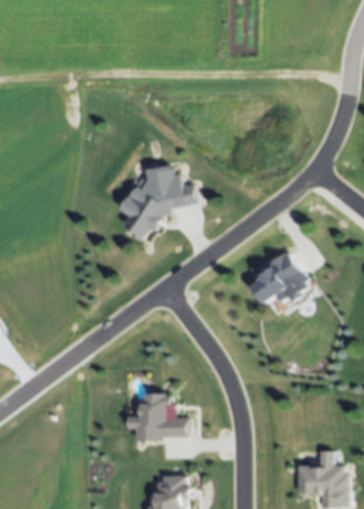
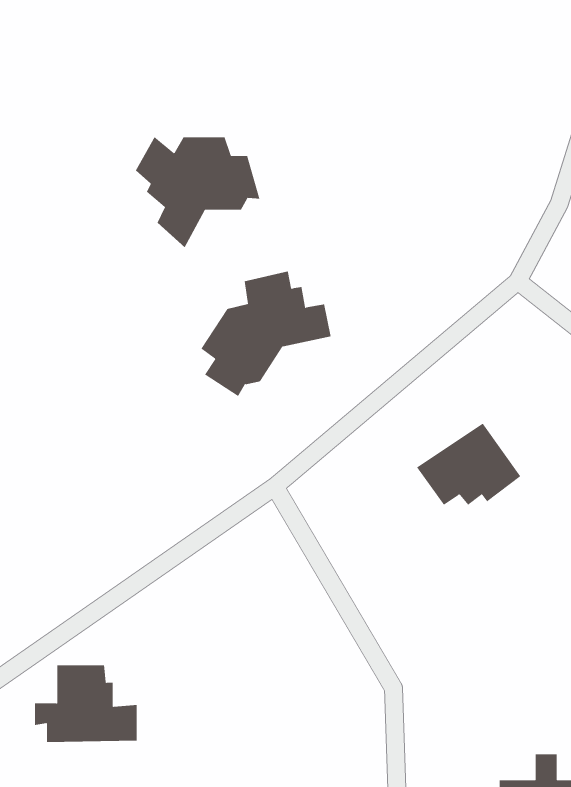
building: none -> [135,136,260,248]
building: [127,394,188,439] -> [34,665,138,743]

